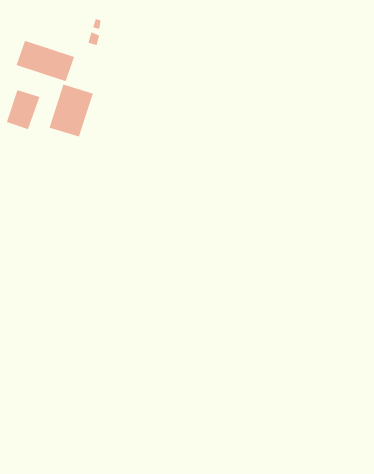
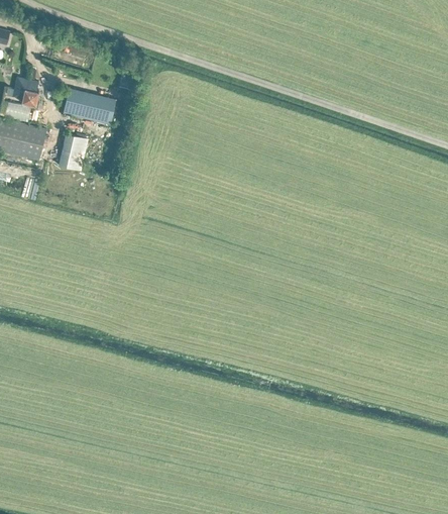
building: [49,84,94,138] -> none

